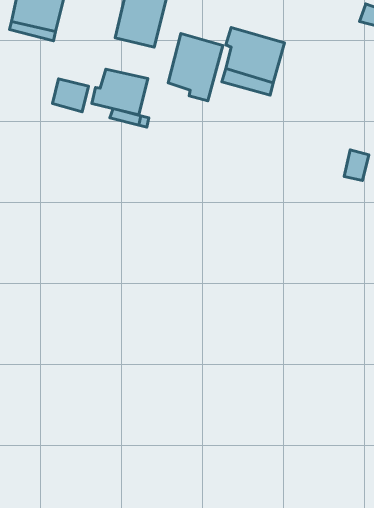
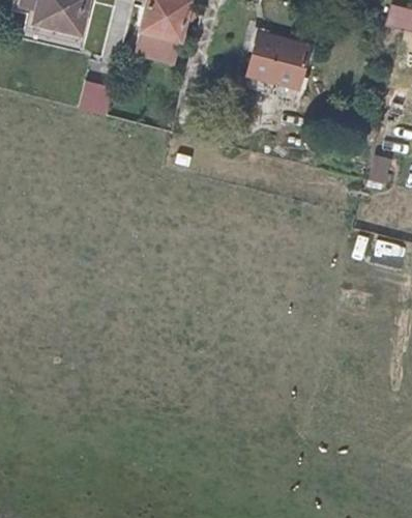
building: [168,34,223,101] -> none
building: [92,69,148,115] -> none

